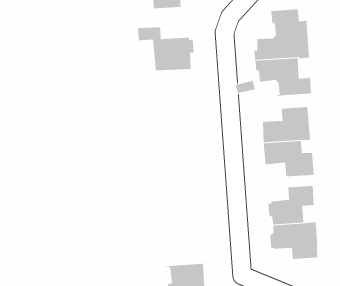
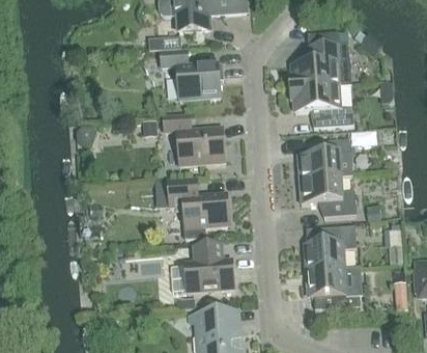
building: none -> [163,115,224,165]
building: none -> [155,179,228,240]
building: none -> [184,245,233,293]

